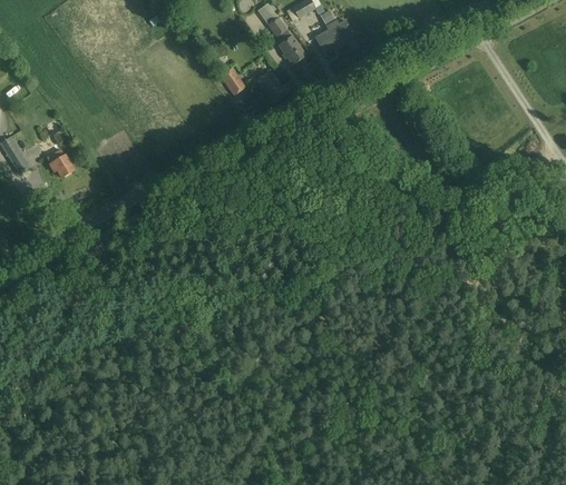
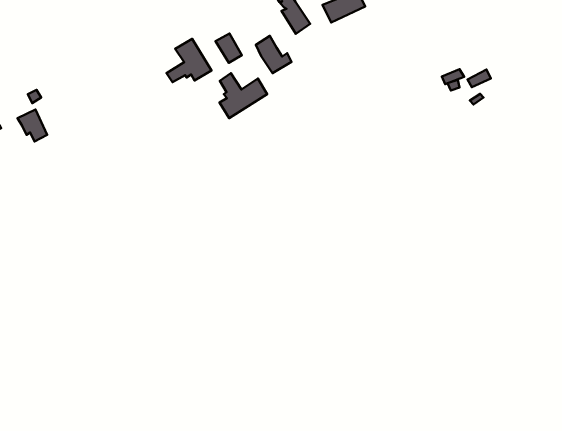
building: none -> [167,39,212,82]
building: none -> [219,73,267,118]

